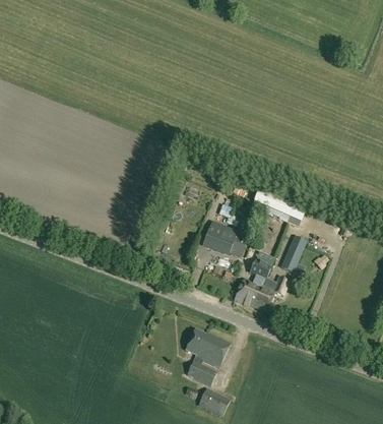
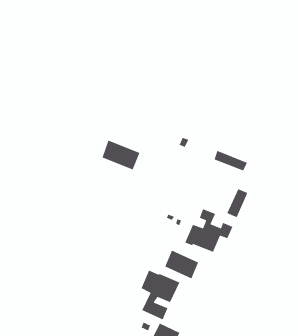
building: [204,222,248,256] -> [101,140,141,171]
building: none -> [164,250,199,279]

